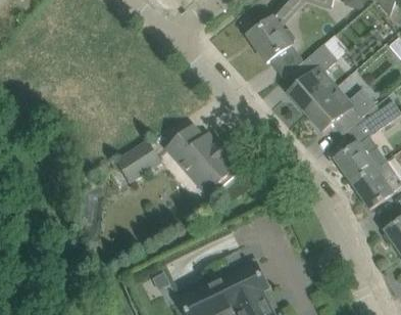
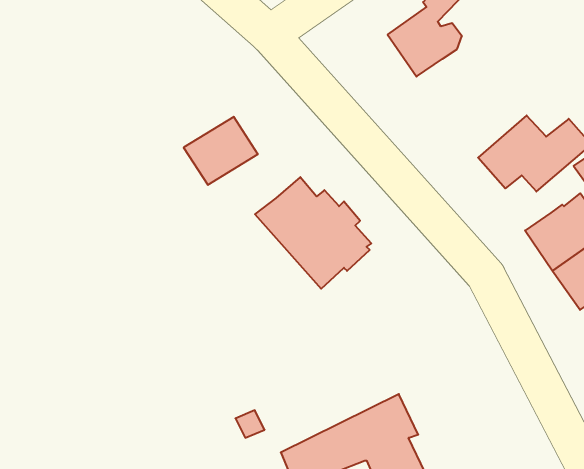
building: [288,43,338,112] -> none
building: [115,139,162,182] -> [184,117,258,185]

